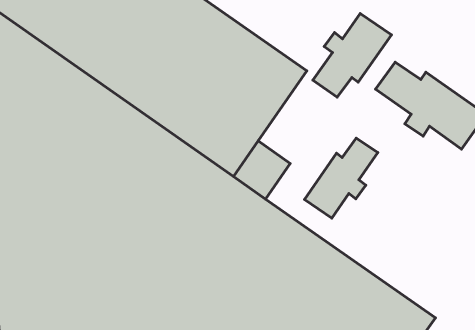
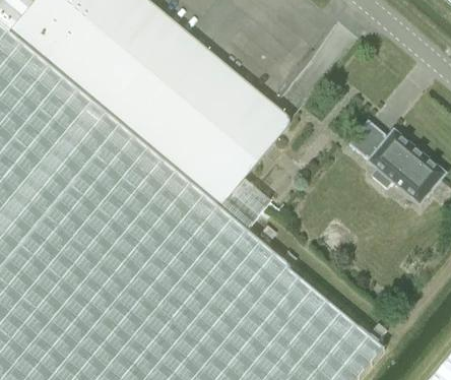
building: [313,13,391,97] -> none
building: [304,138,378,218] -> none

